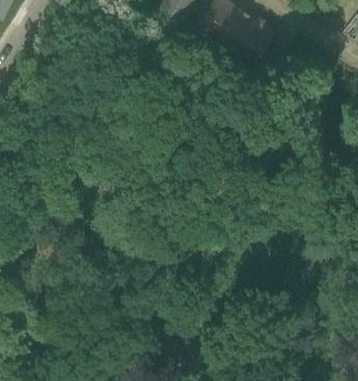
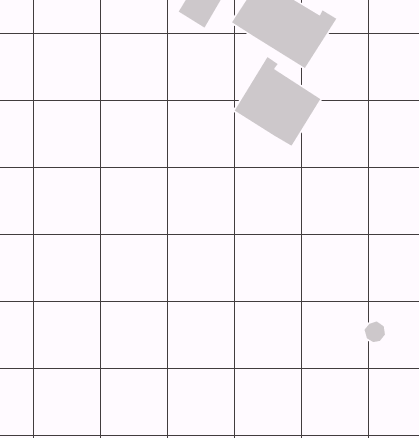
building: none -> [233,56,321,147]

